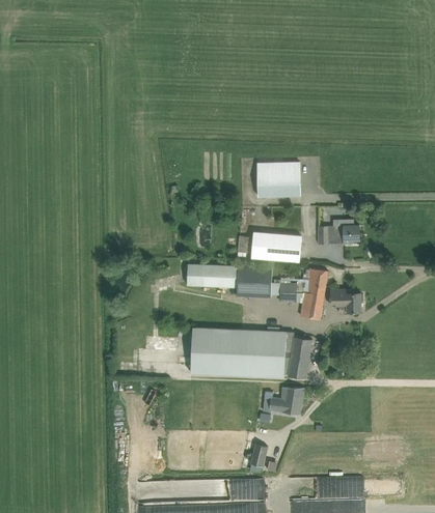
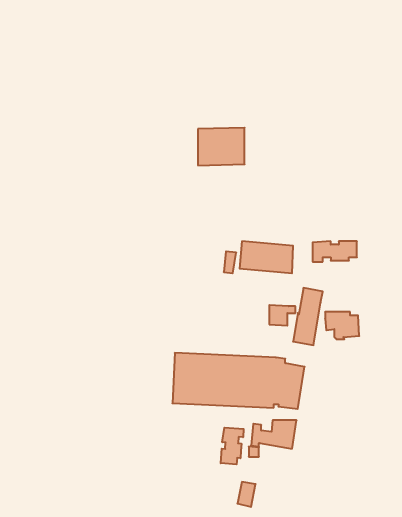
building: [257,163,300,197] -> [198,128,245,165]
building: [187,264,271,297] -> none
building: none -> [221,428,244,464]

